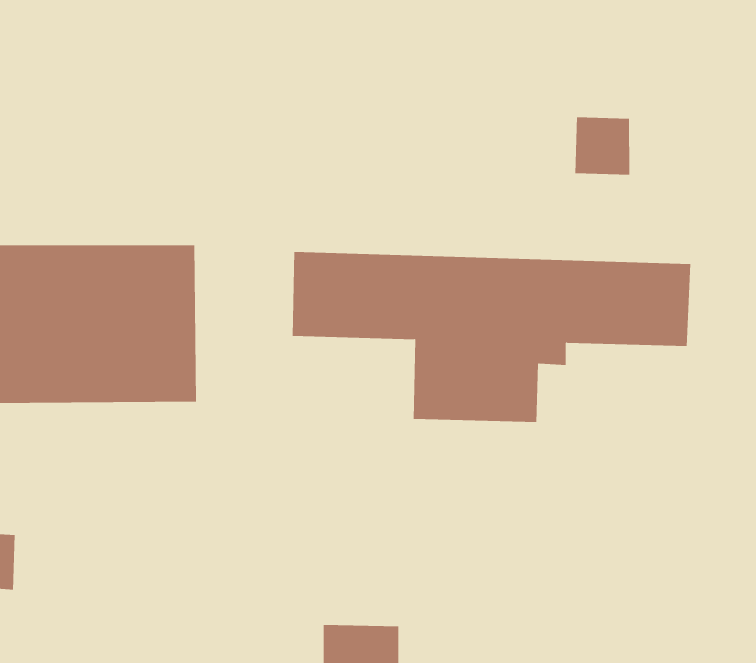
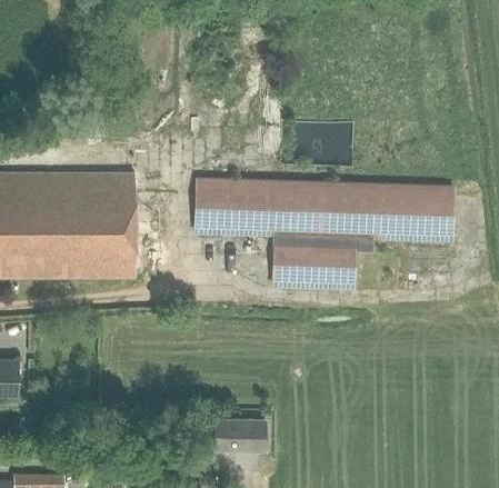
building: [575,117,630,175] -> none

